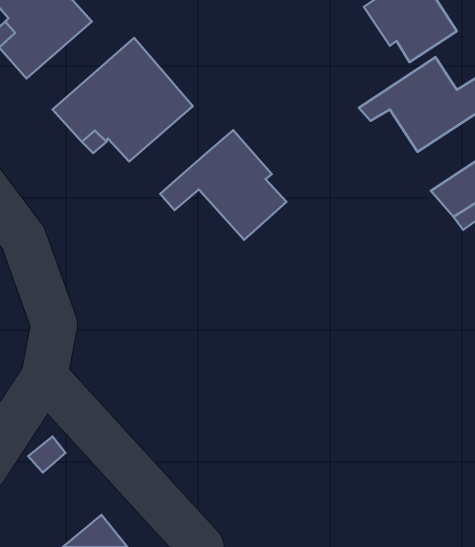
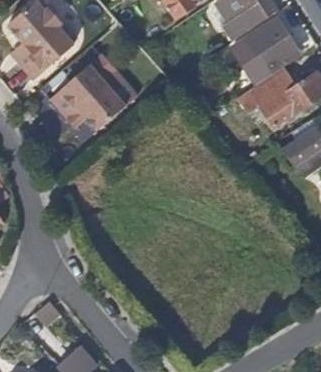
building: [160,130,287,240] -> none

